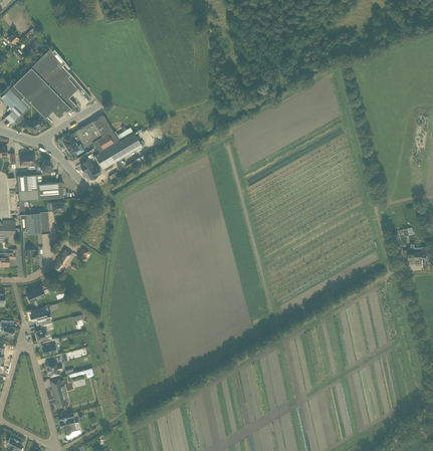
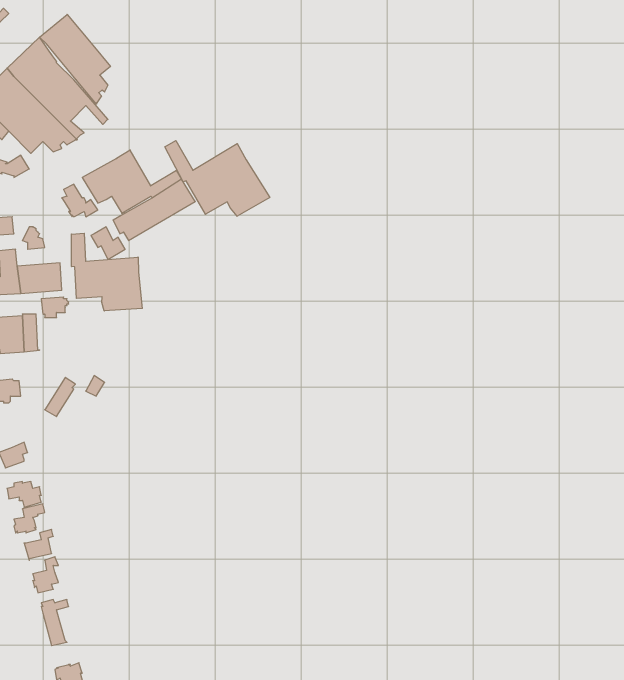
building: none -> [40,14,110,104]
building: none -> [165,141,270,216]
building: none -> [71,233,142,311]

